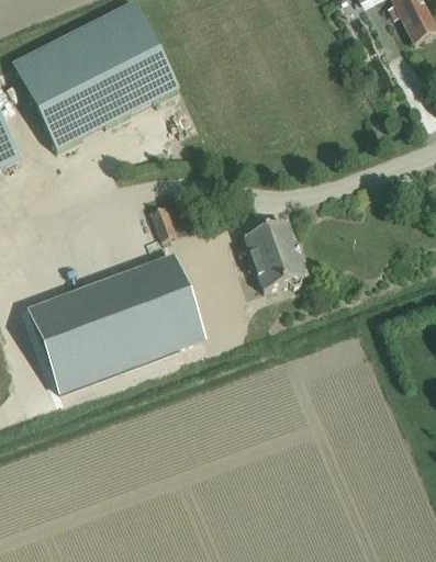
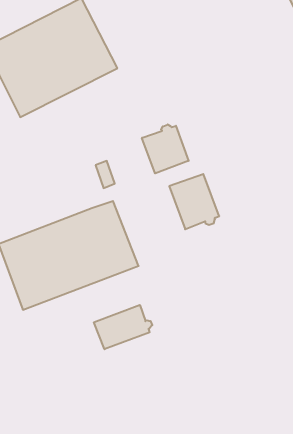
building: none -> [142,124,189,173]
building: none -> [94,305,152,349]

